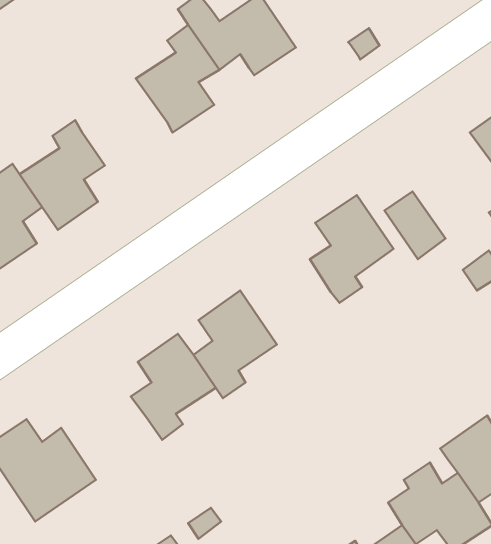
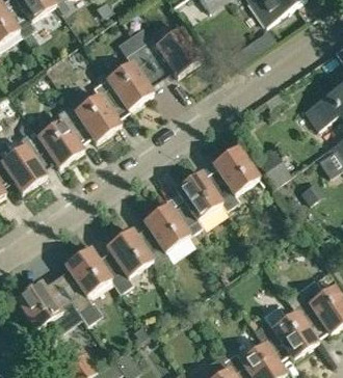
building: none -> [74,69,125,140]
building: none -> [173,171,222,235]
building: none -> [61,246,112,321]

